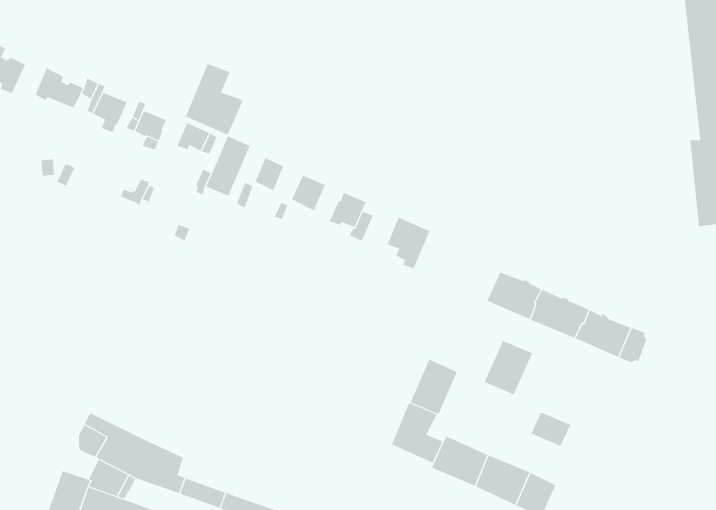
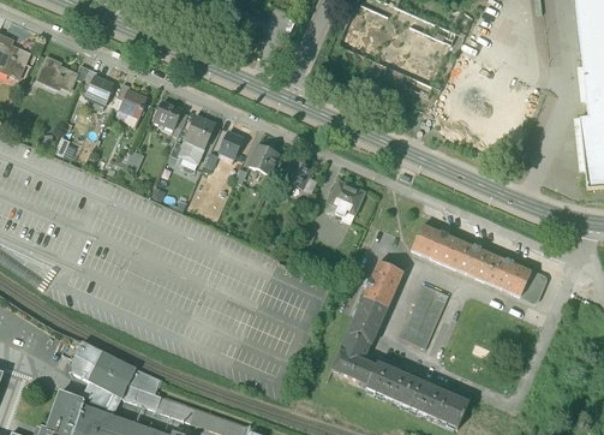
building: [185,63,244,136] -> none
building: none -> [364,262,403,309]
building: [530,412,571,447] -> [401,317,435,346]

